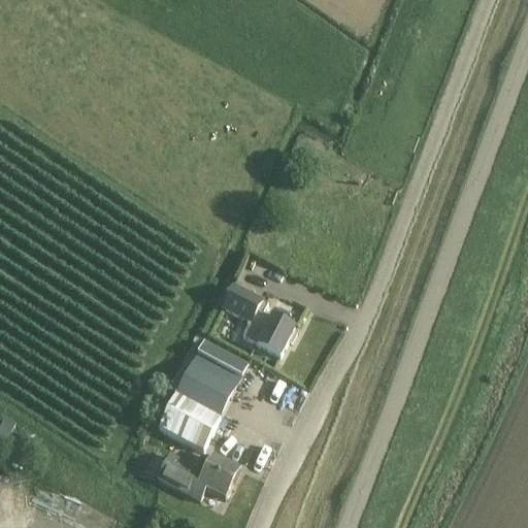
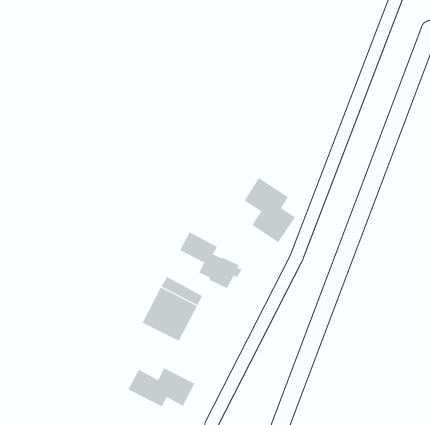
building: none -> [244,177,296,243]
building: [157,394,219,449] -> none

